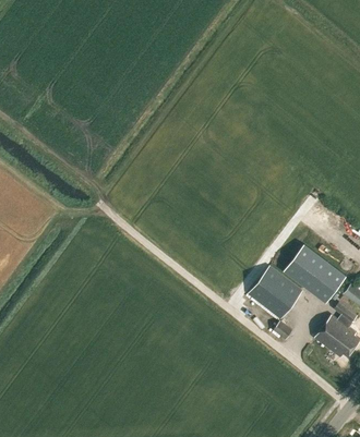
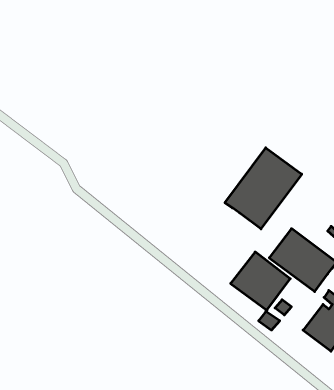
building: none -> [225,148,302,229]

